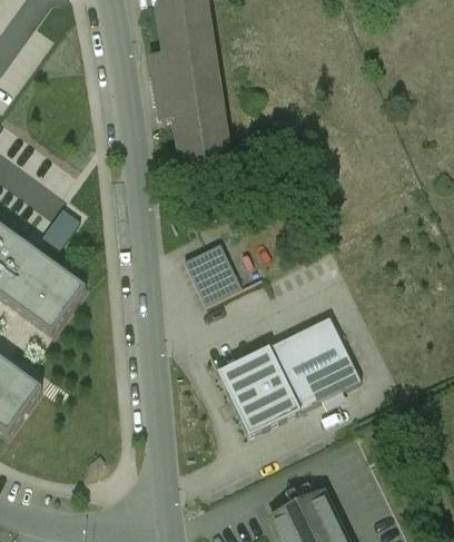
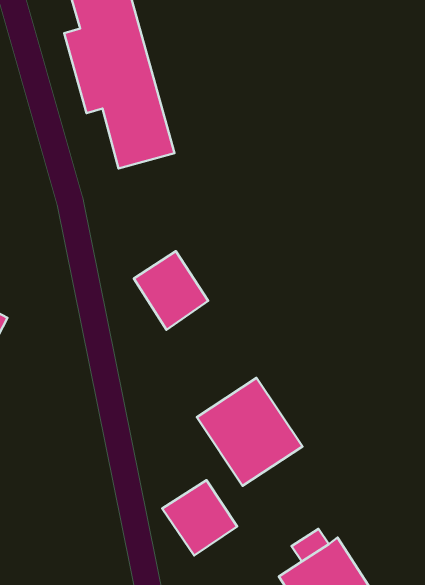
building: [273,321,362,413] -> none
building: none -> [162,480,237,555]

